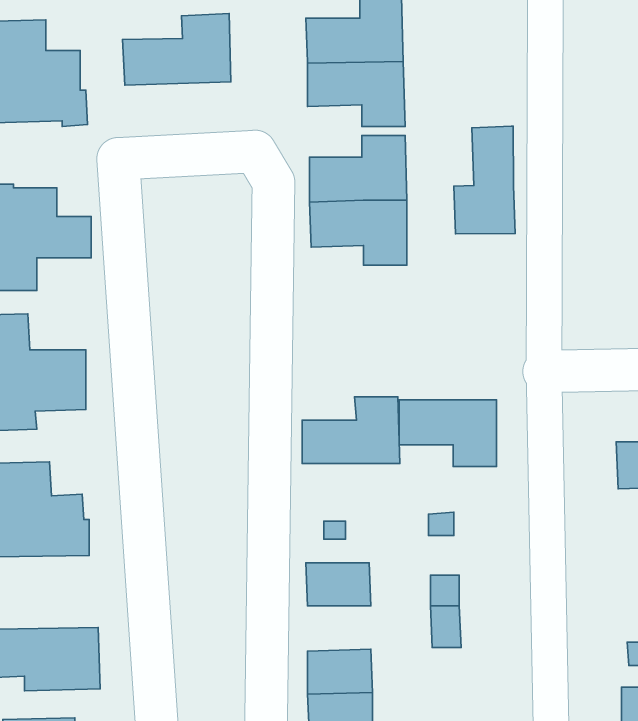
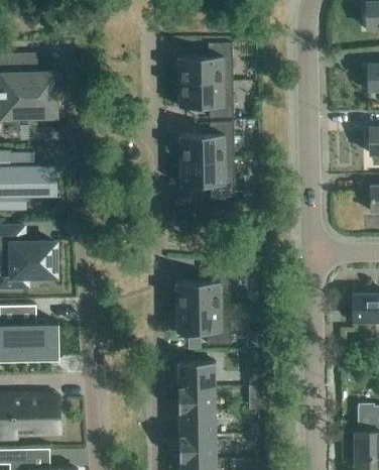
building: [123,13,231,85] -> none
building: [454,126,515,234] -> none
building: [399,400,497,467] -> [176,307,231,344]
building: none -> [179,386,215,412]

